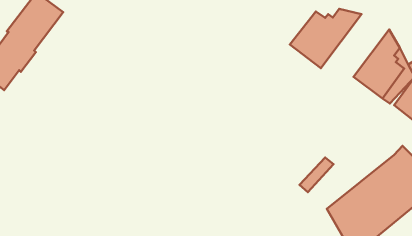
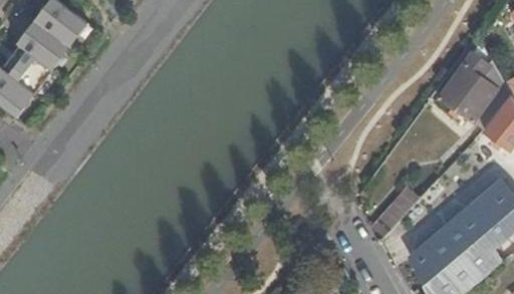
building: [290,9,361,68] -> none

